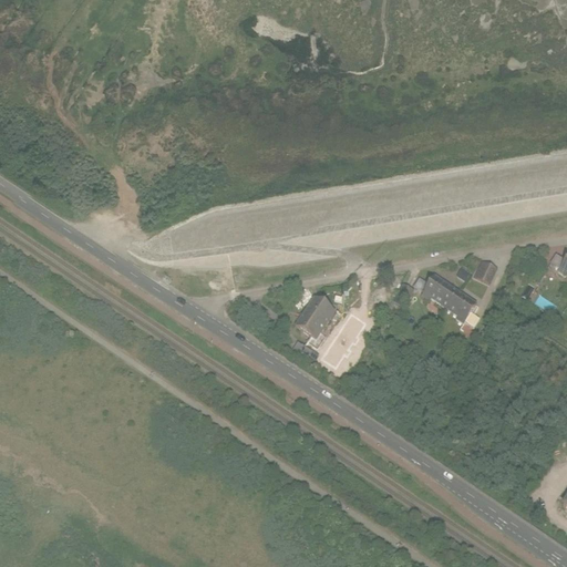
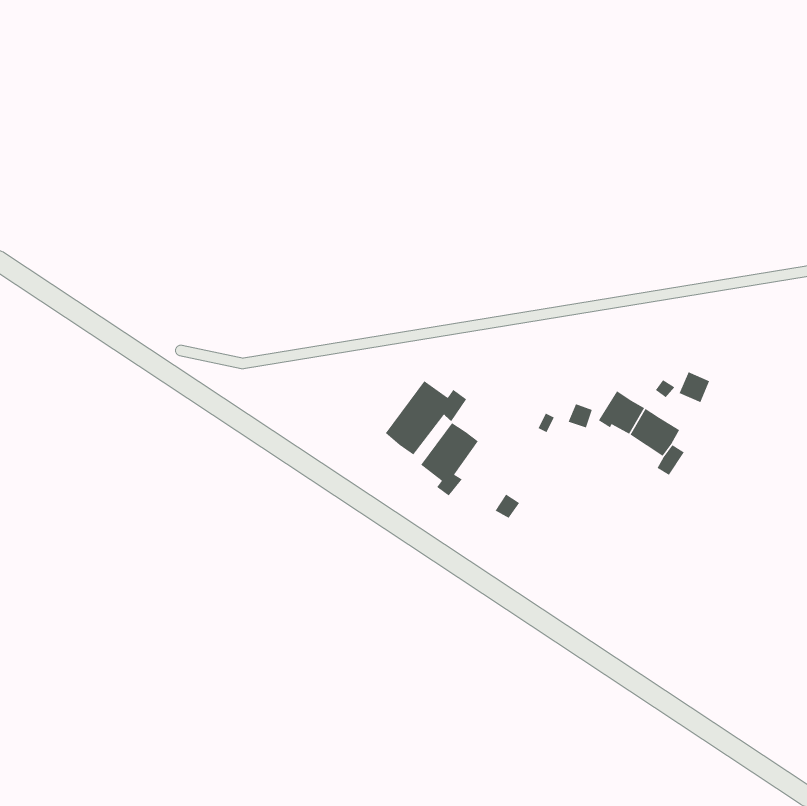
building: none -> [385,380,467,456]

